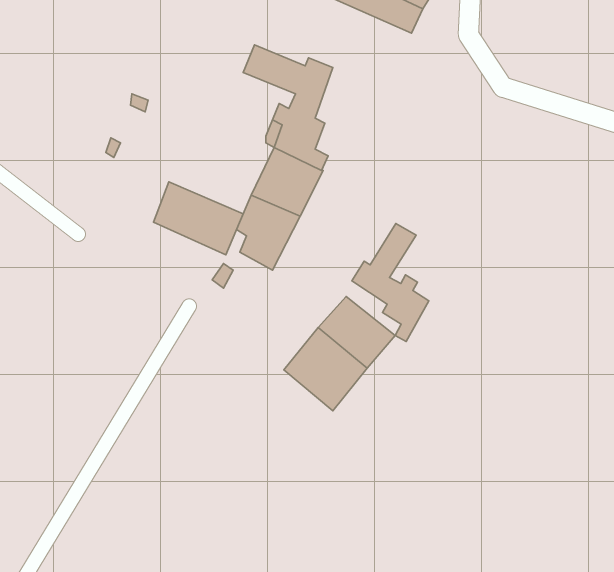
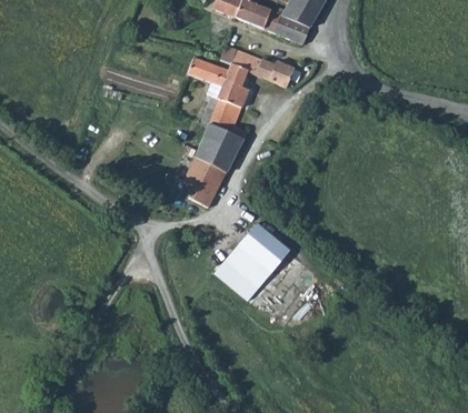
building: none -> [223,38,295,88]
building: [153,182,243,255] -> none
building: [352,223,429,342] -> none

